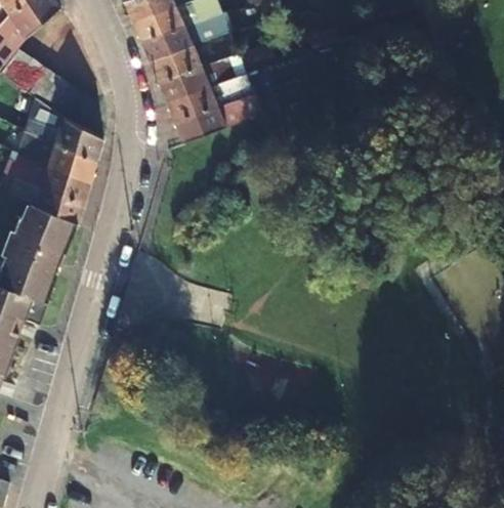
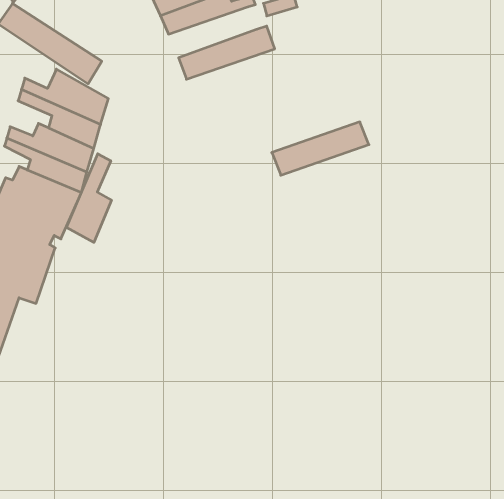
building: [156,54,236,100] -> none
building: [172,92,260,140] -> [272,122,369,175]
building: none -> [67,154,111,242]

